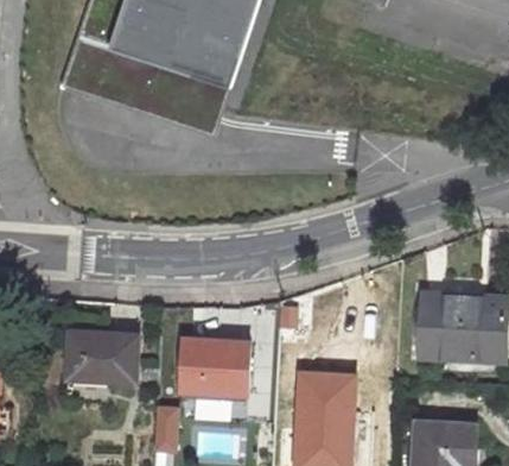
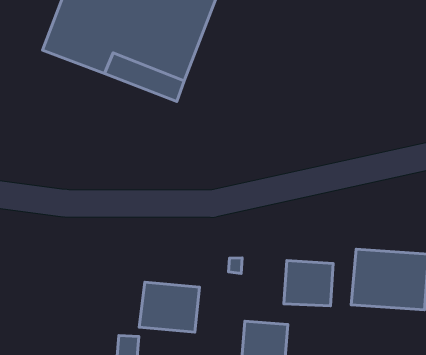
building: none -> [284,261,333,306]
building: [64,327,133,377] -> none

